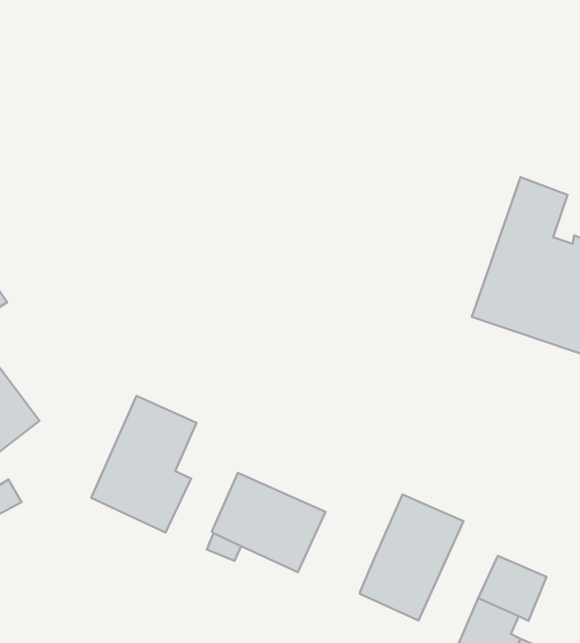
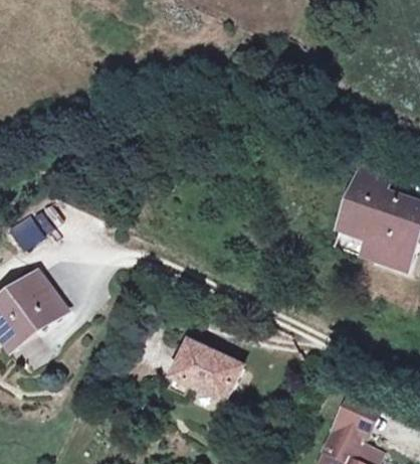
building: [91,396,197,533] -> none
building: [360,494,463,620] -> none

